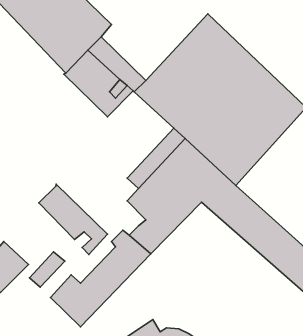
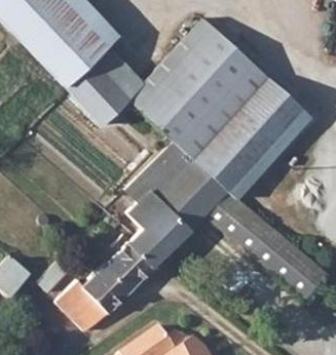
building: [39,184,108,255] -> none

